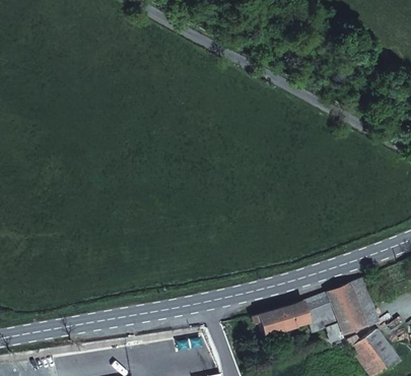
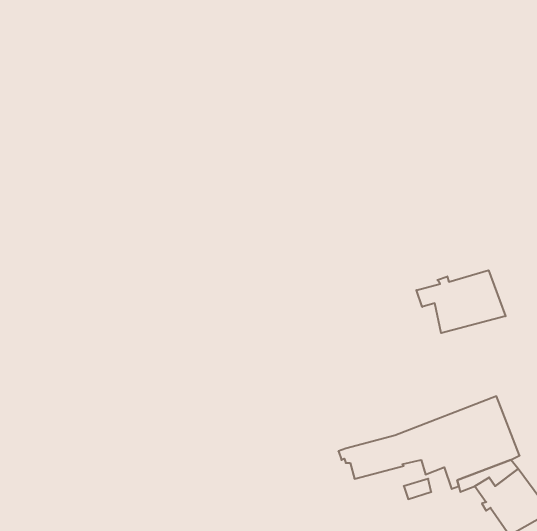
building: none -> [416,270,506,333]

